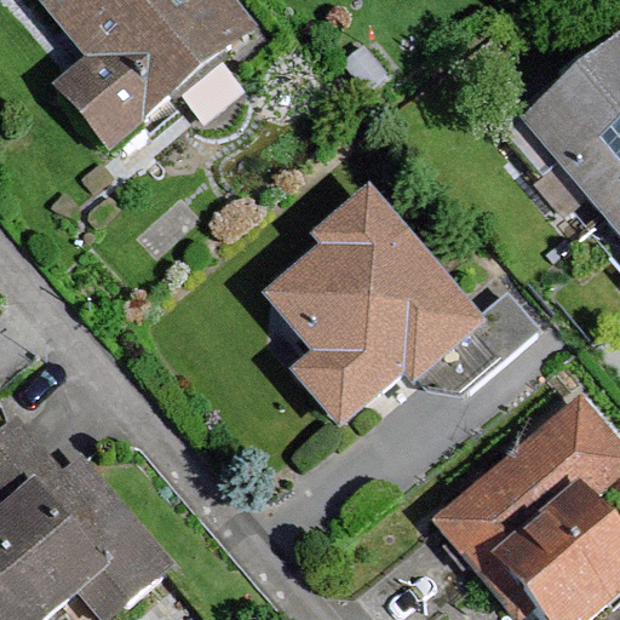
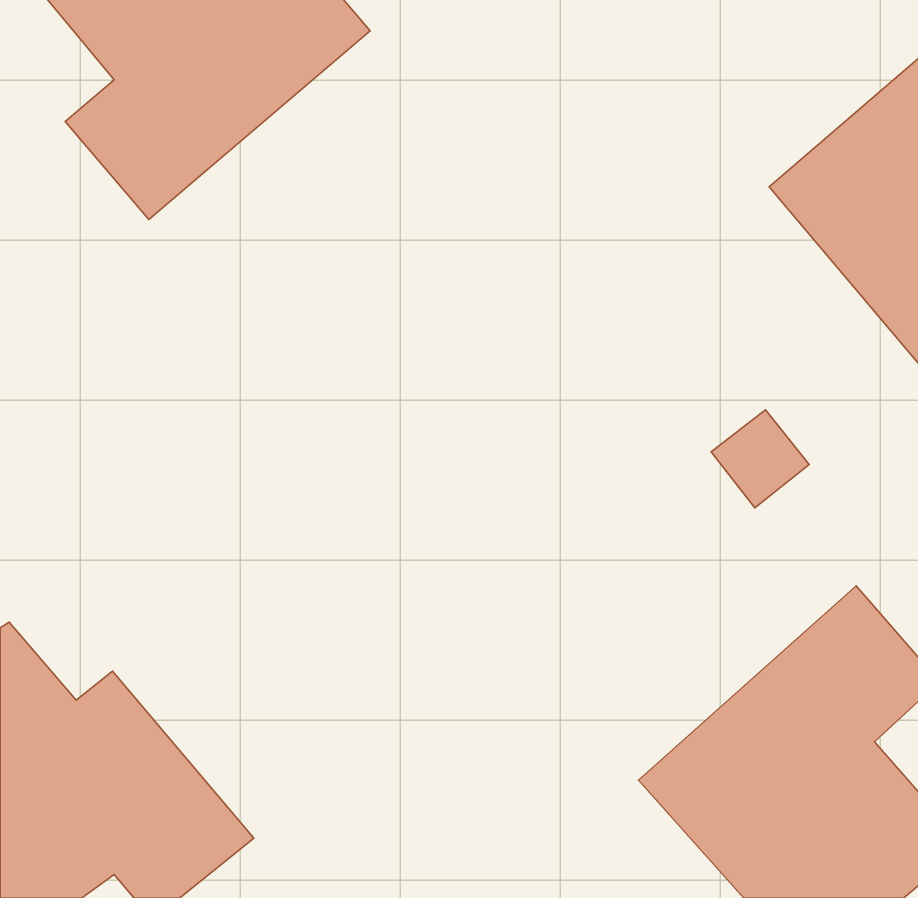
building: [262,185,484,432] -> none

